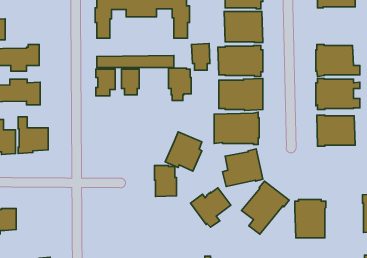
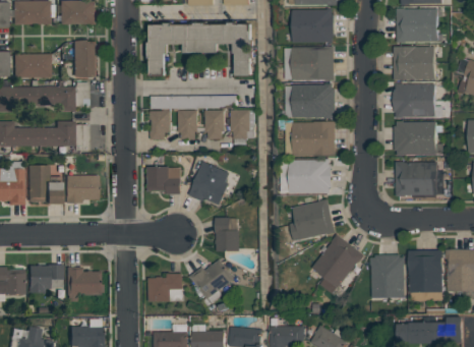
building: none -> [71,41,97,77]
building: none -> [393,46,434,79]
building: [192,43,210,70] -> [204,109,225,138]
building: none -> [146,166,181,193]
building: [165,132,202,171] -> [188,161,229,205]
building: [190,188,231,227] -> [189,258,234,302]
building: none -> [408,249,442,292]
building: none -> [64,268,102,302]
building: none -> [149,273,182,301]

